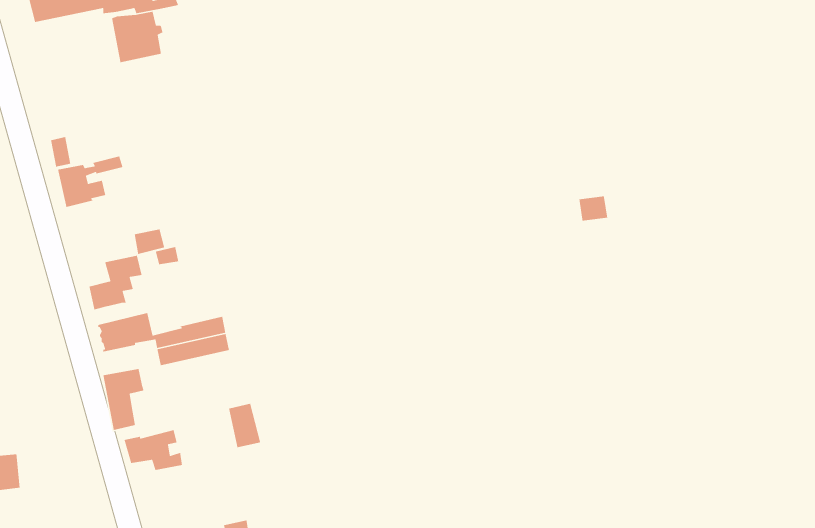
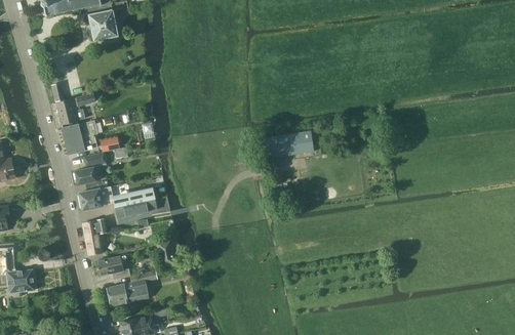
building: none -> [63,120,98,154]
building: none -> [266,129,315,156]
building: none -> [107,271,156,306]

